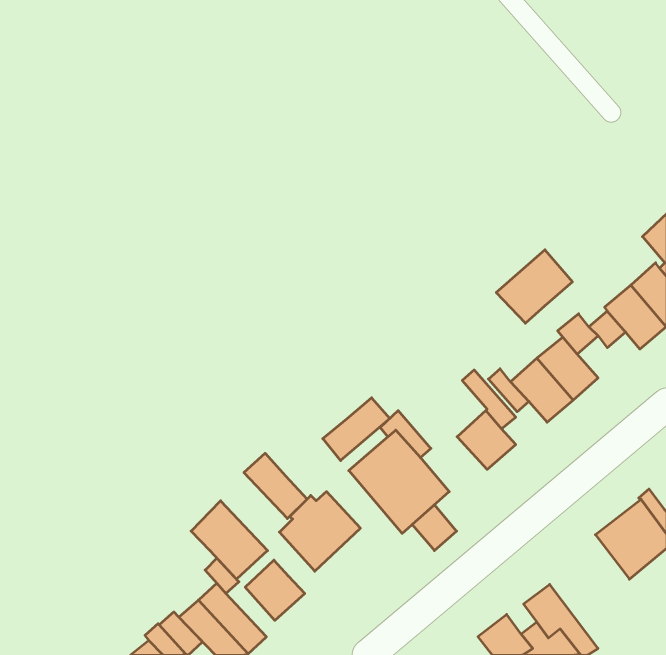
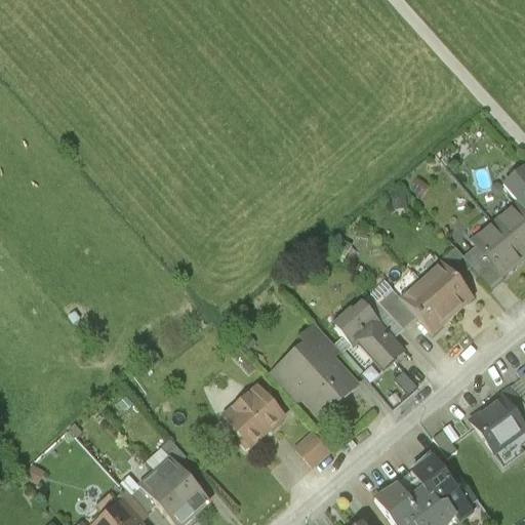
building: [496,250,572,323] -> none
building: none -> [333,297,383,347]
building: [323,398,390,461] -> none
building: [244,453,307,519] -> none
building: [191,501,268,579] -> none
building: [412,505,457,551] -> [294,430,329,466]
building: [245,560,305,620] -> none

